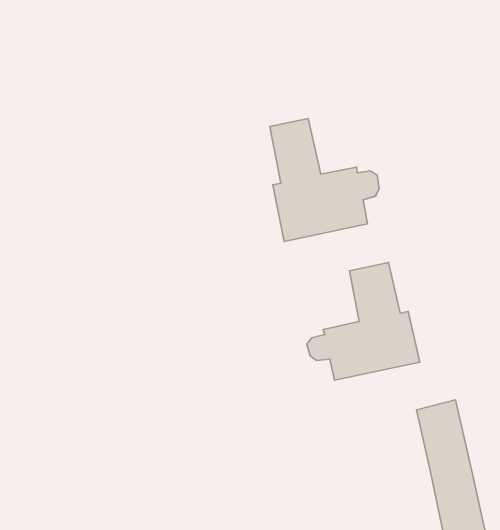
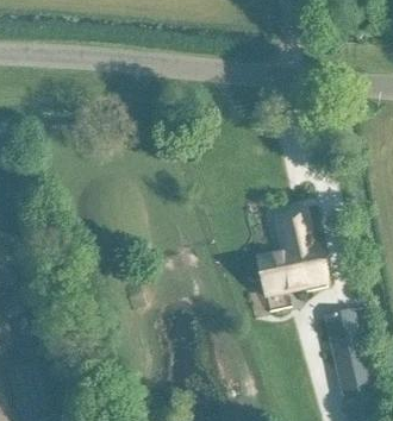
building: [270,118,379,241] -> none

